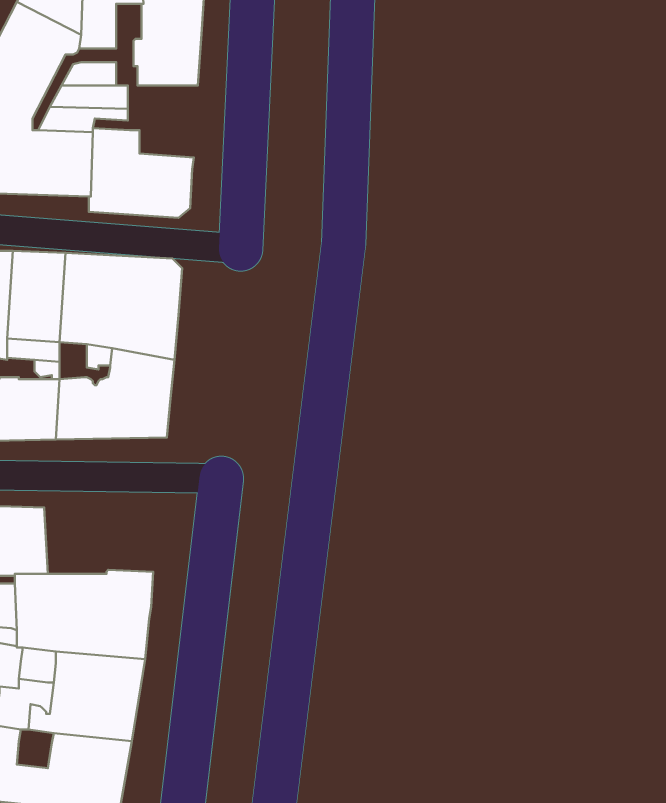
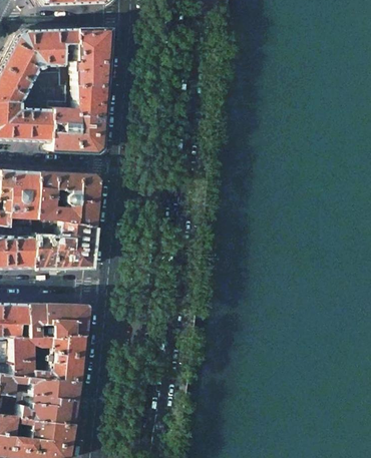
building: none -> [77,85,108,122]
building: none -> [29,303,89,337]

